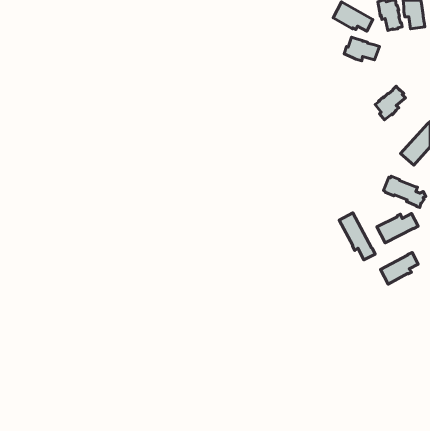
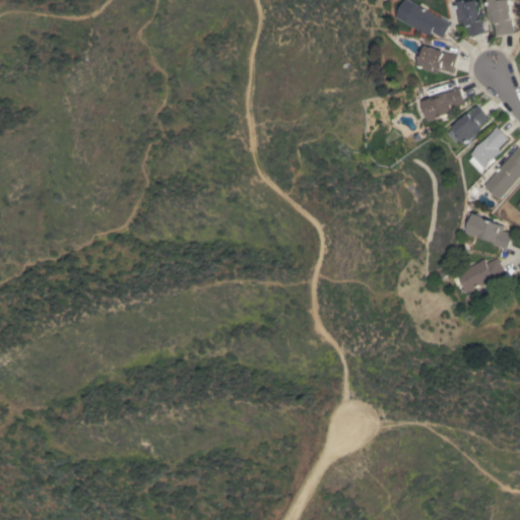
building: none -> [421,86,466,121]
building: none -> [467,126,508,172]
building: [339,213,375,260] -> none
building: [381,252,418,284] -> none

